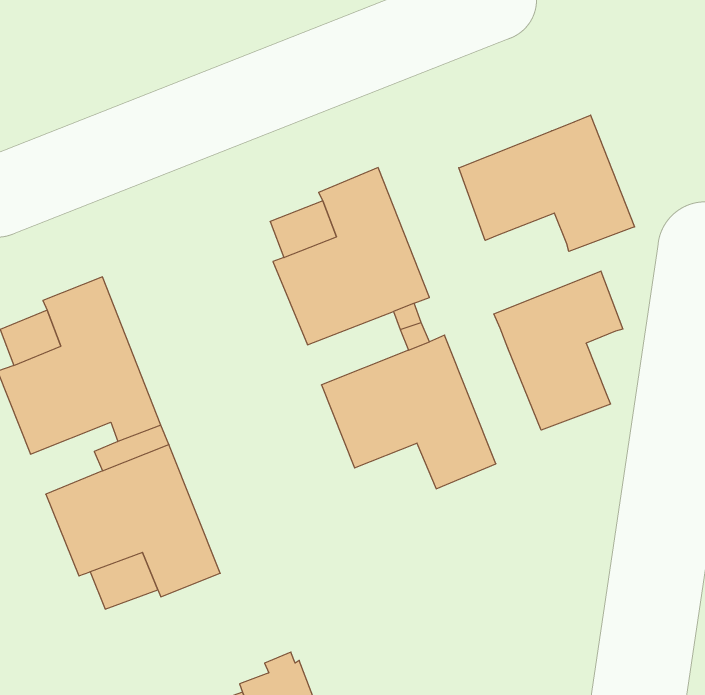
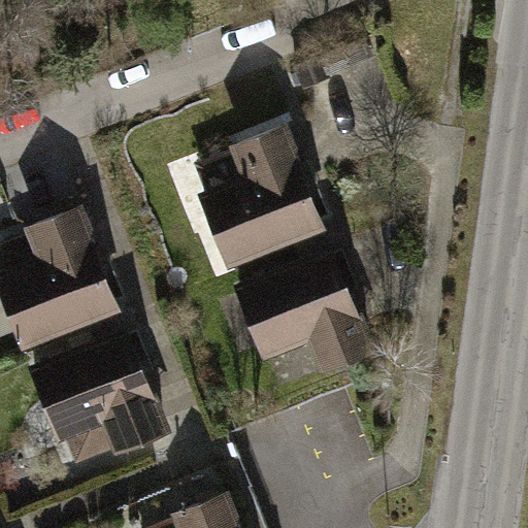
building: [459,115,635,251] -> none
building: [494,271,623,430] -> none

